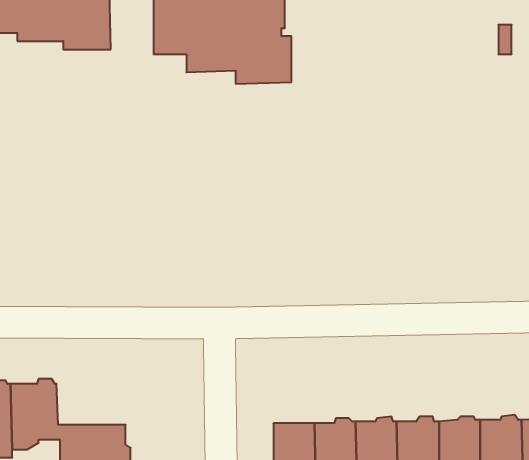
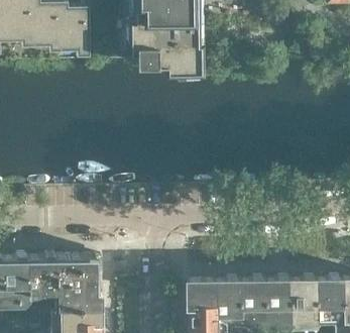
building: none -> [59,257,101,284]

